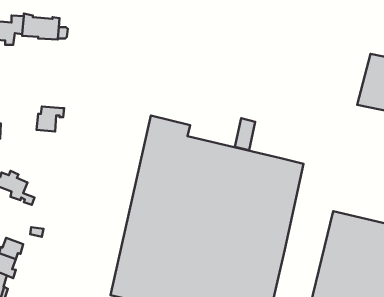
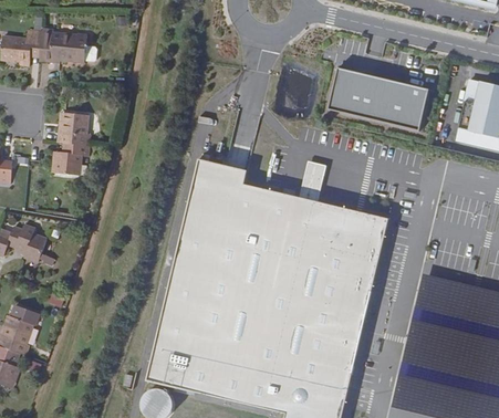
building: none -> [330,69,428,133]
building: none -> [60,113,89,146]

